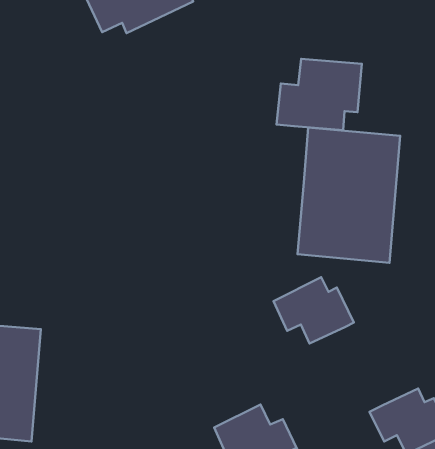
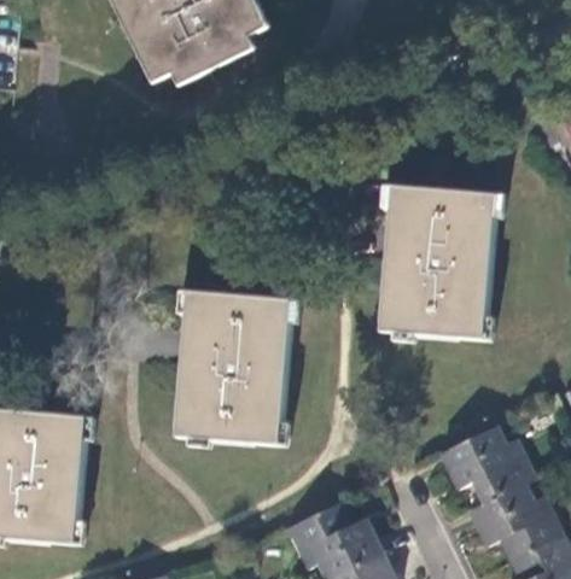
building: [277,59,362,130] -> none
building: none -> [175,291,292,444]
building: [274,277,354,344] -> [435,427,526,503]

